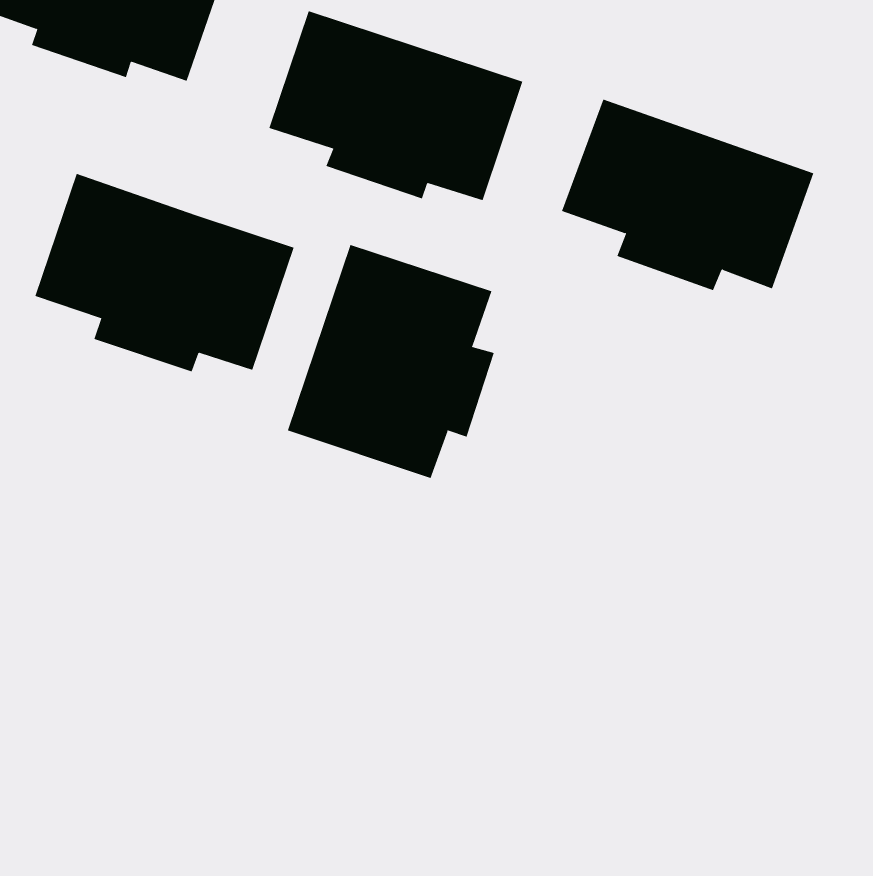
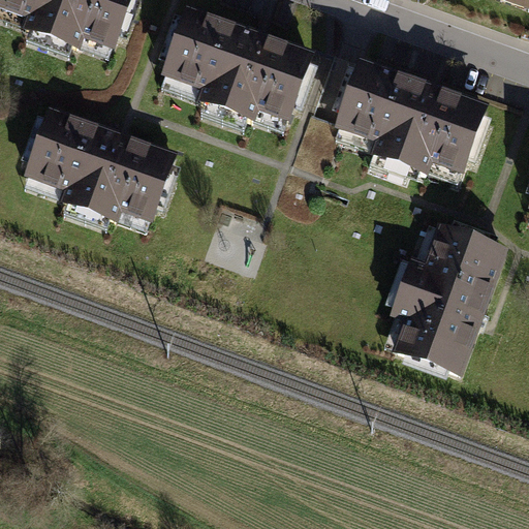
building: [287,244,494,479] -> none
building: none -> [388,221,506,373]

